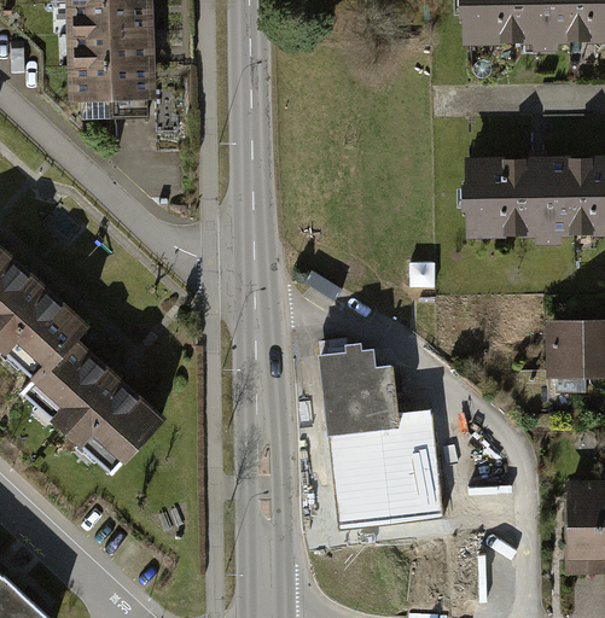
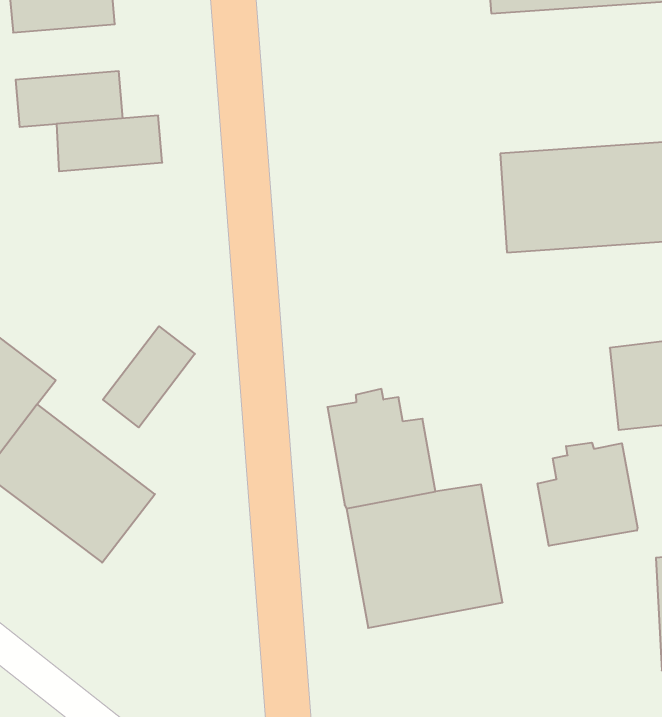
building: [76,41,158,81] -> [56,116,162,171]
building: none -> [103,326,195,427]
building: none -> [538,443,638,546]

